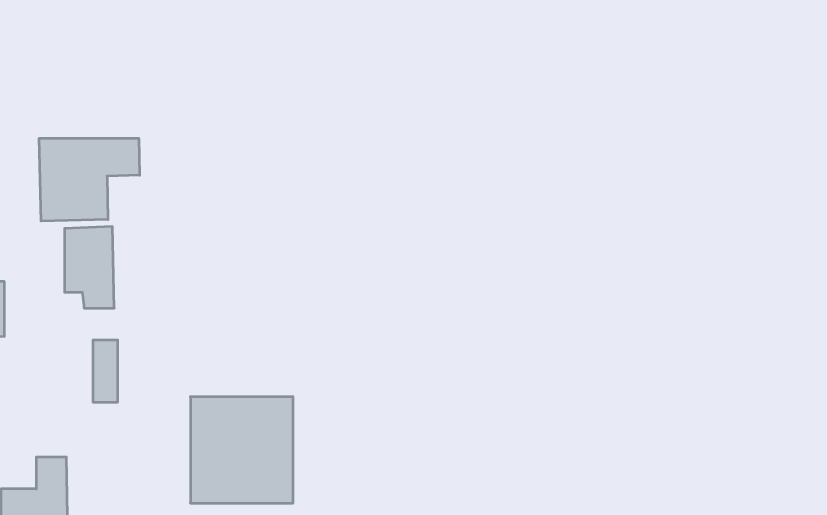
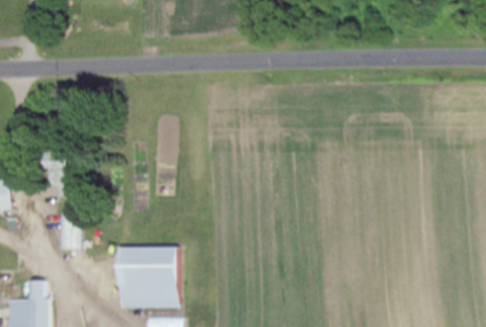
building: [39,138,140,221] -> none

